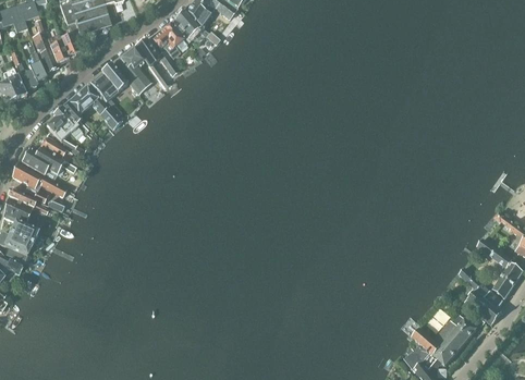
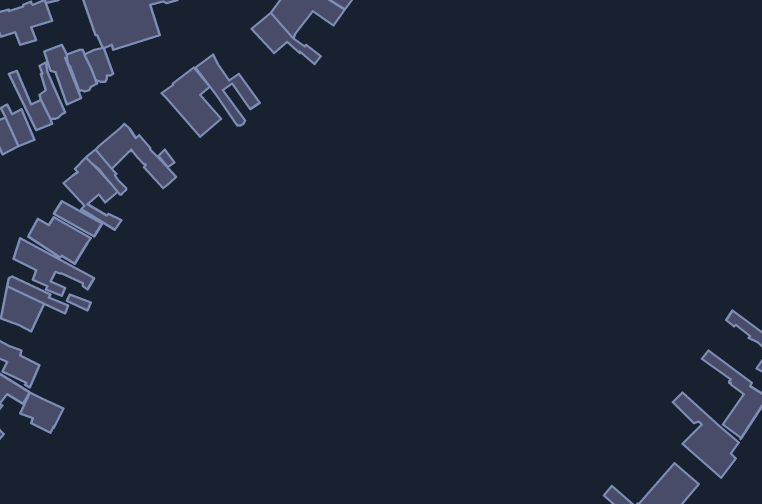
building: [151,23,187,54] -> none
building: [88,65,126,101] -> none
building: [8,221,37,248] -> [20,392,63,433]

